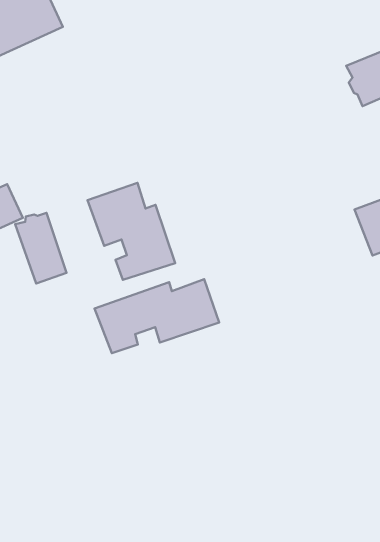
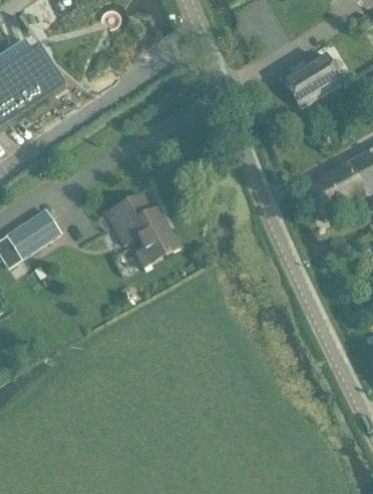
building: [15,213,67,283] -> none
building: [95,279,219,353] -> none

